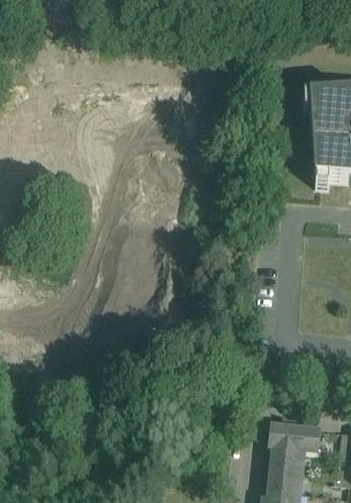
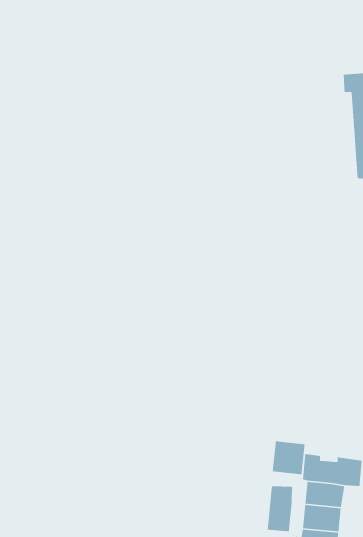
building: none -> [272,440,305,475]
building: none -> [267,486,293,532]

